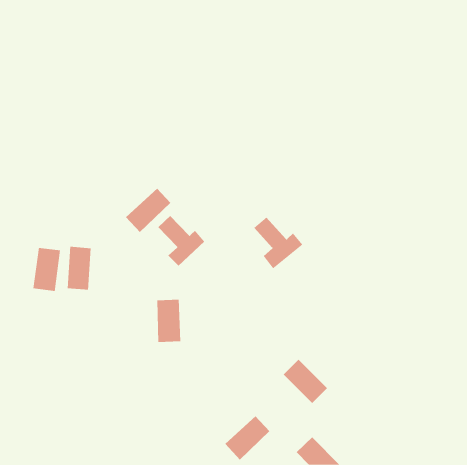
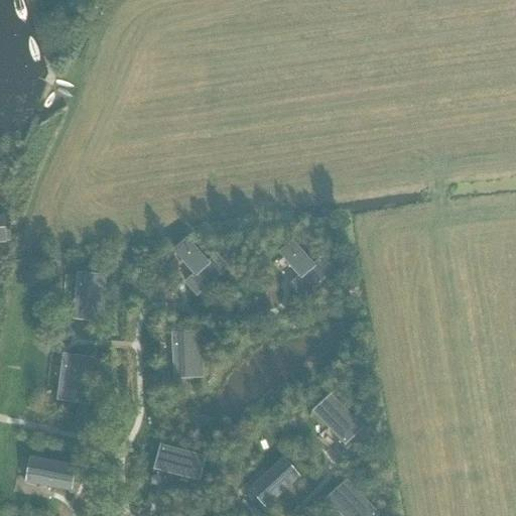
building: [125,188,171,233] -> none
building: [33,247,61,291] -> [57,353,89,401]
building: none -> [152,445,204,480]
building: none -> [23,457,73,490]

